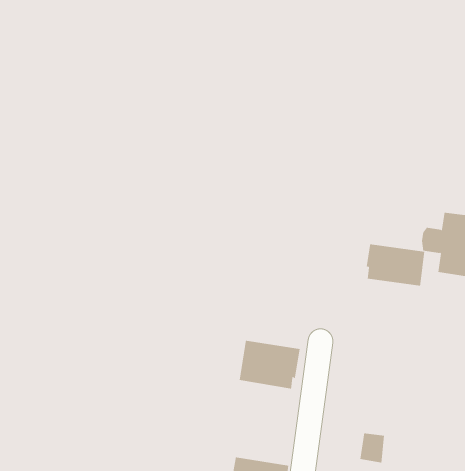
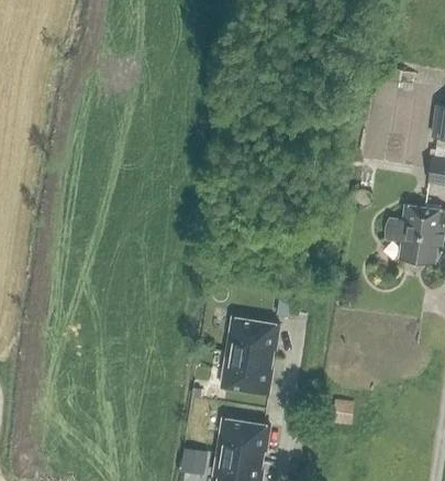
building: [366,244,425,286] -> none
building: none -> [221,352,274,394]

